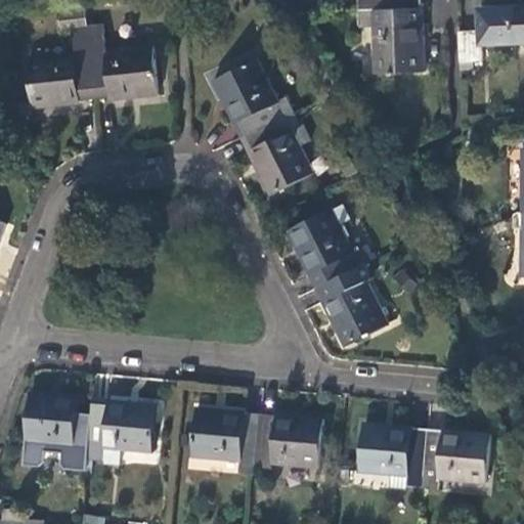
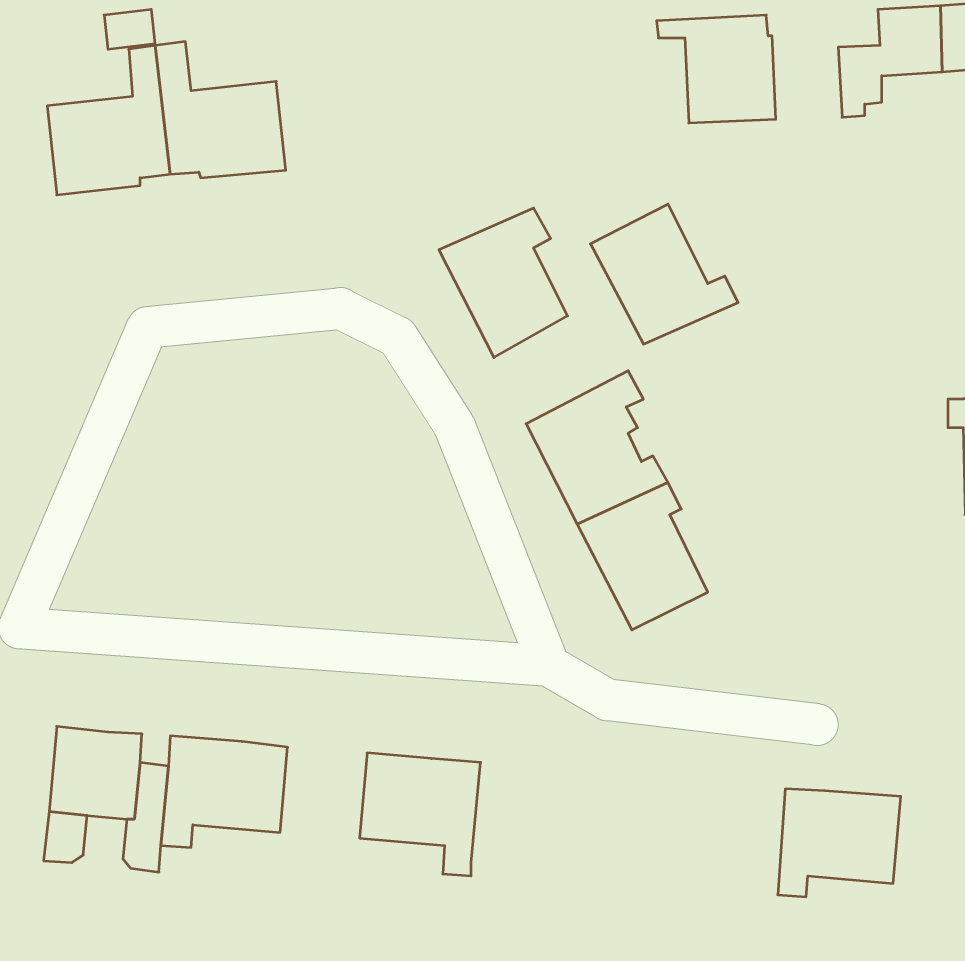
building: [210,62,290,138] -> [590,204,738,344]
building: [256,416,324,472] -> none
building: [359,425,426,487] -> none

